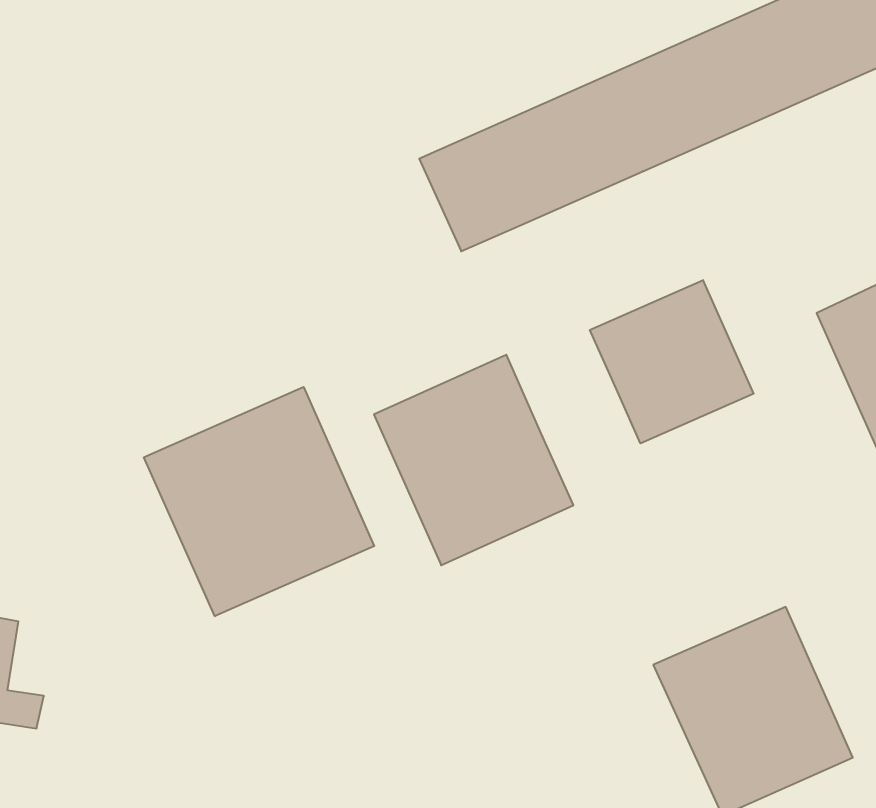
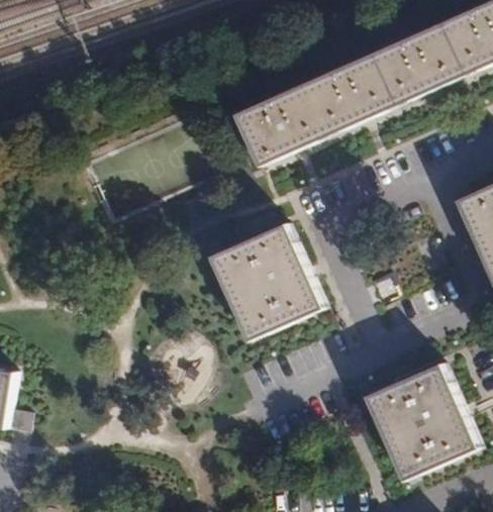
building: [590,280,754,443] -> none
building: [144,387,374,616] -> none

